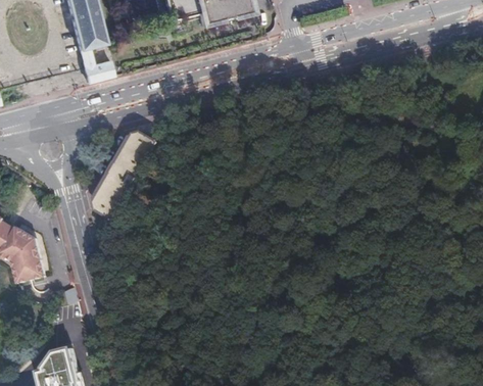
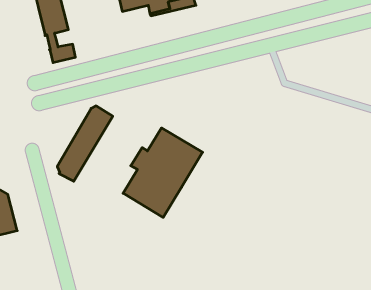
building: none -> [123,128,203,217]

